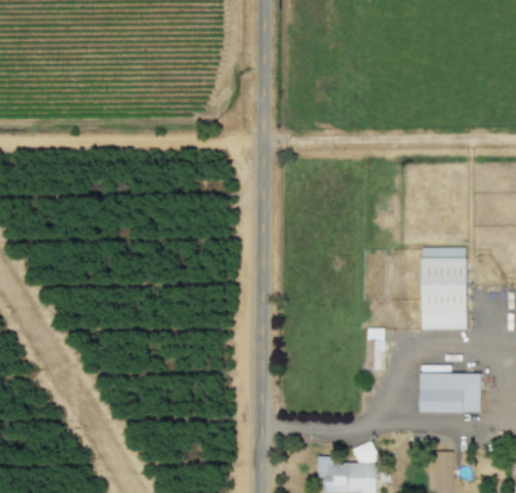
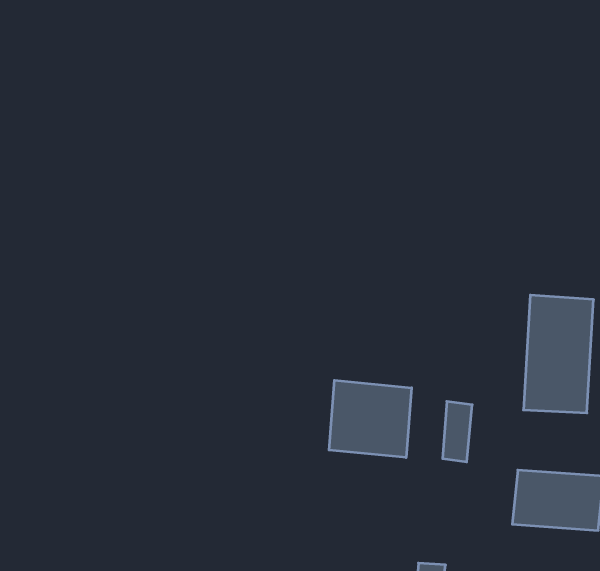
building: none -> [329,380,412,458]

